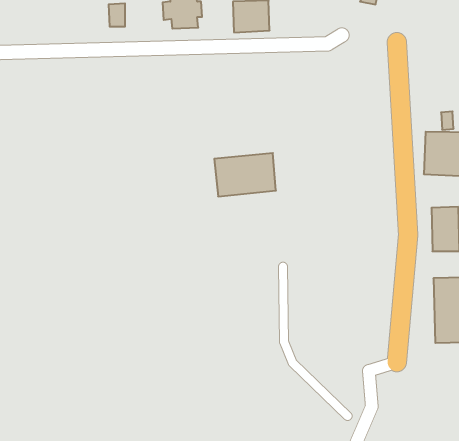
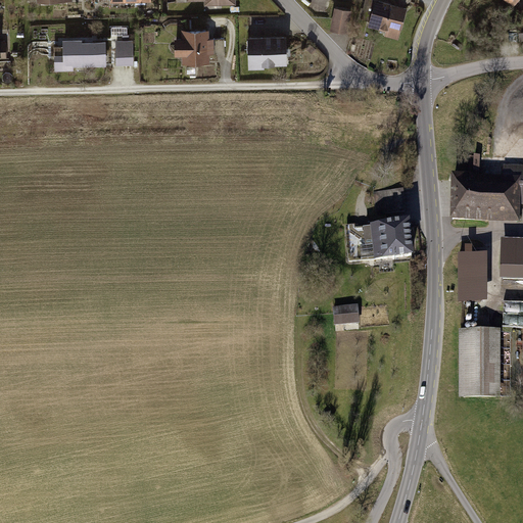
building: none -> [54,39,106,68]
building: [214,153,276,196] -> [345,217,411,263]
building: none -> [331,303,361,327]

